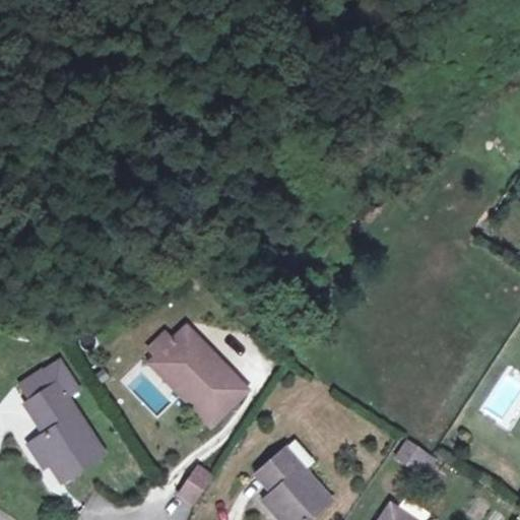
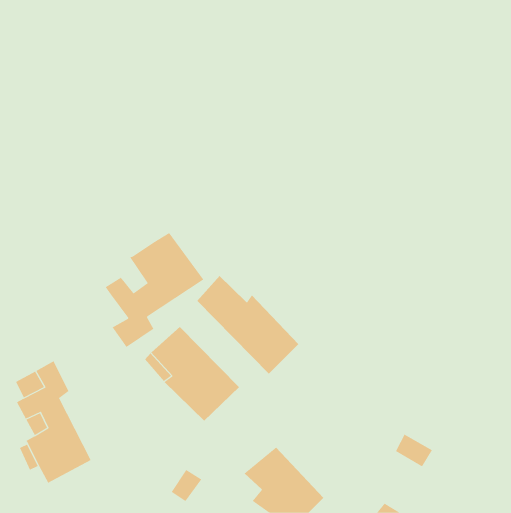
building: none -> [105,232,204,348]
building: none -> [197,275,299,374]

